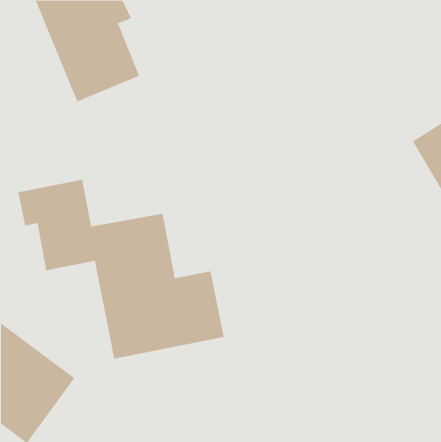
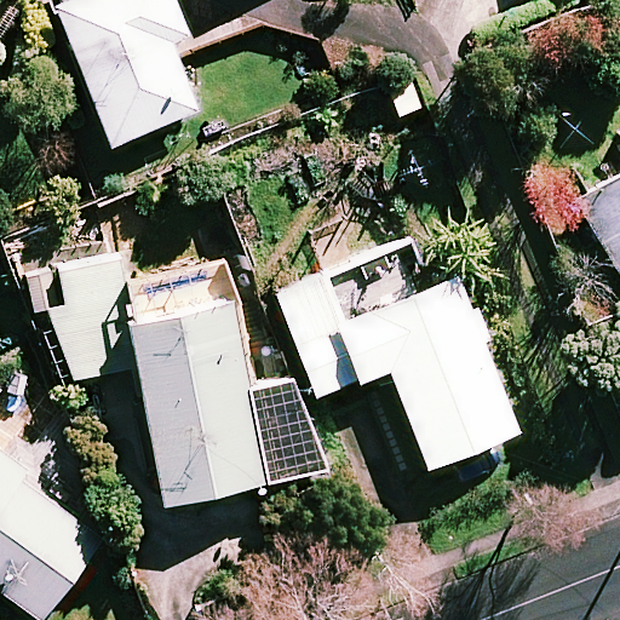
building: none -> [275,272,519,467]

